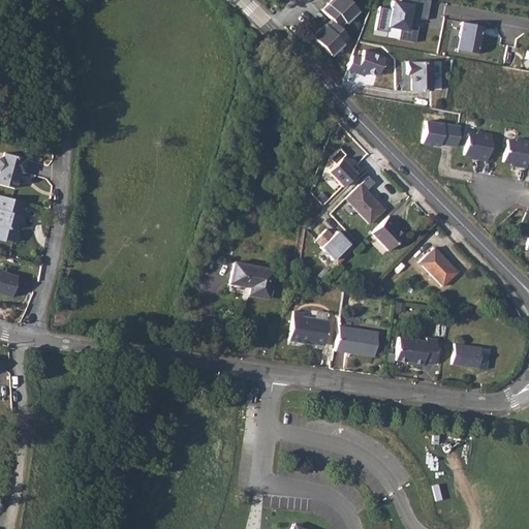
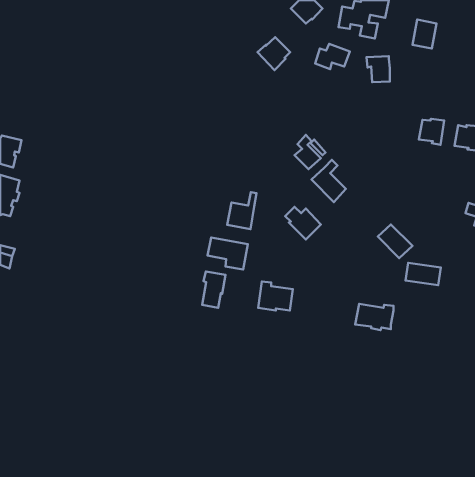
building: [314,20,350,56] -> [258,37,290,70]
building: [425,121,464,148] -> none
building: none -> [227,192,257,229]
building: [373,217,405,251] -> none
building: none -> [202,271,225,308]
building: [335,326,377,355] -> none
building: [453,344,492,369] -> [405,263,441,285]

